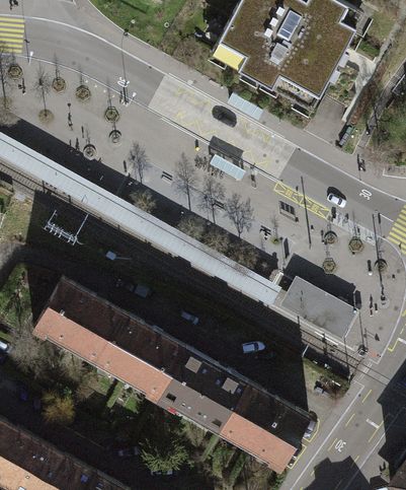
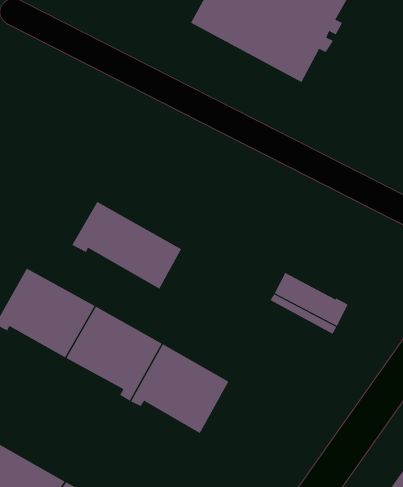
building: none -> [72,201,182,290]
building: [220,382,309,470] -> none

